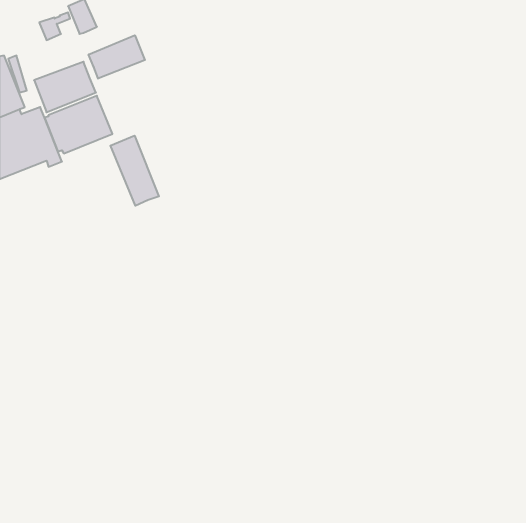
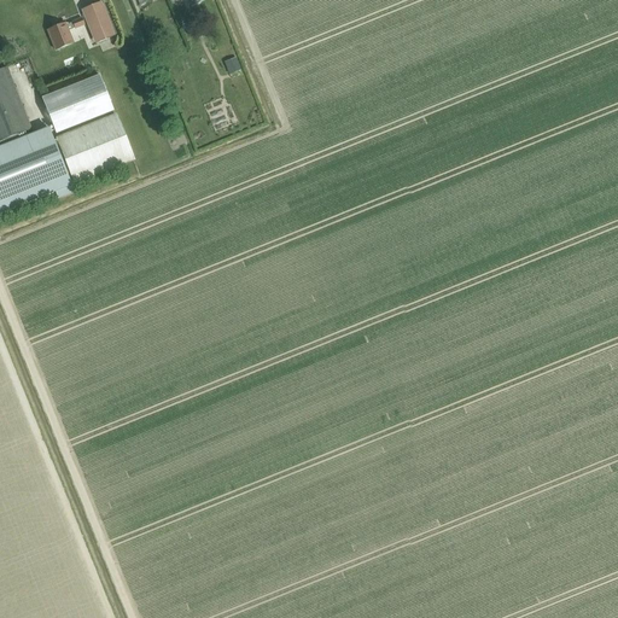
building: [89,35,145,79] -> none
building: [110,136,159,206] -> none

